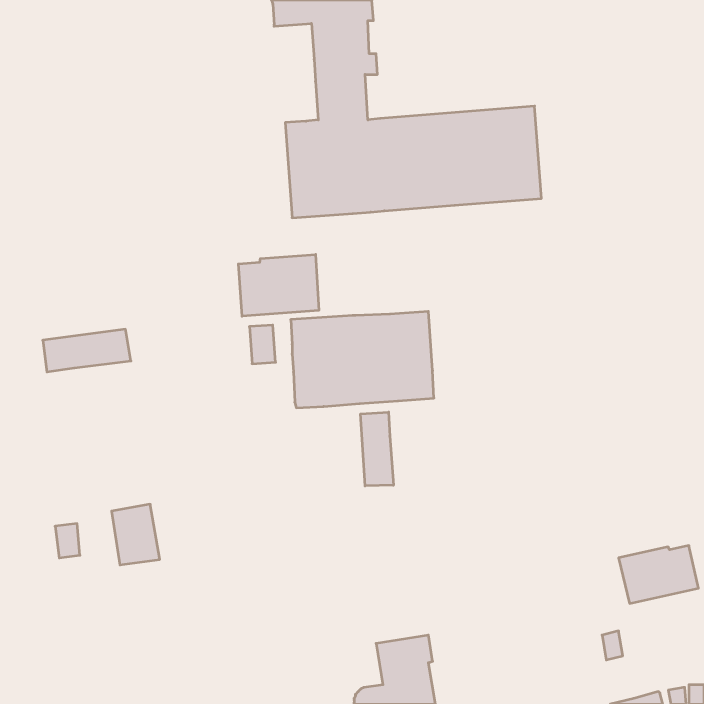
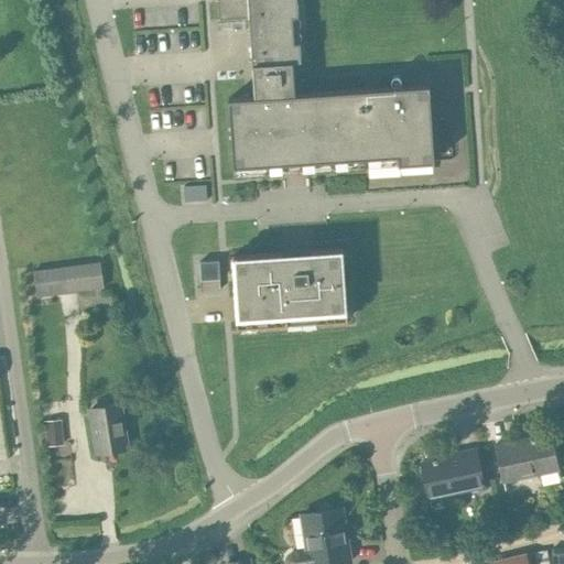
building: [238,254,319,316] -> none
building: [361,412,393,486] -> none
building: none -> [422,449,484,498]

